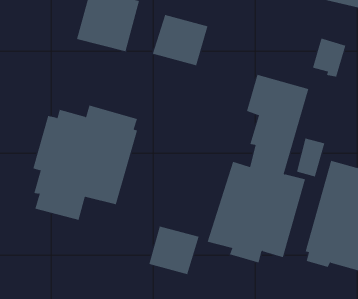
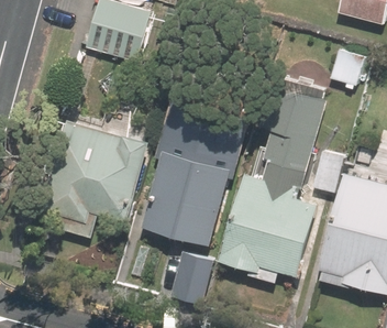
building: [152,14,208,66] -> none
building: none -> [142,136,229,243]

